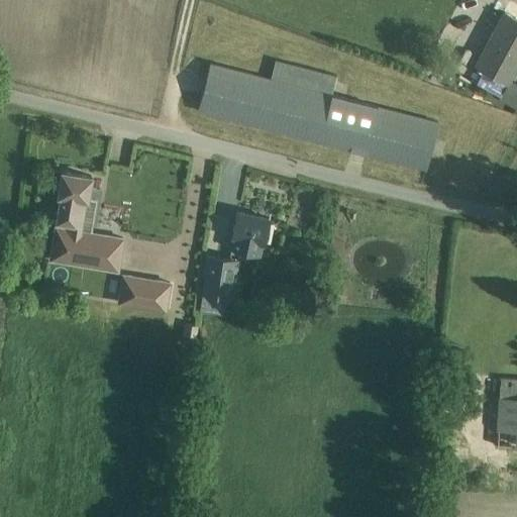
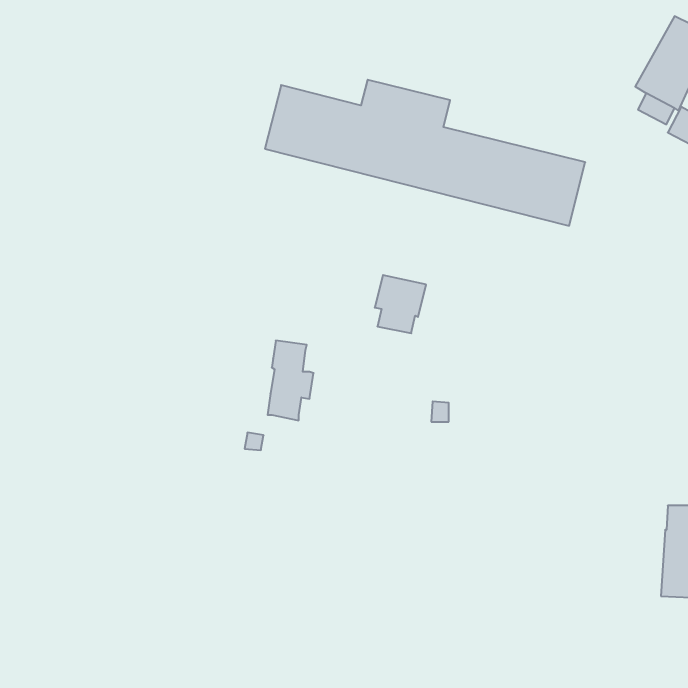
building: [50,174,125,274] -> none
building: [232,214,271,257] -> [375,275,426,333]
building: [121,277,170,312] -> none

